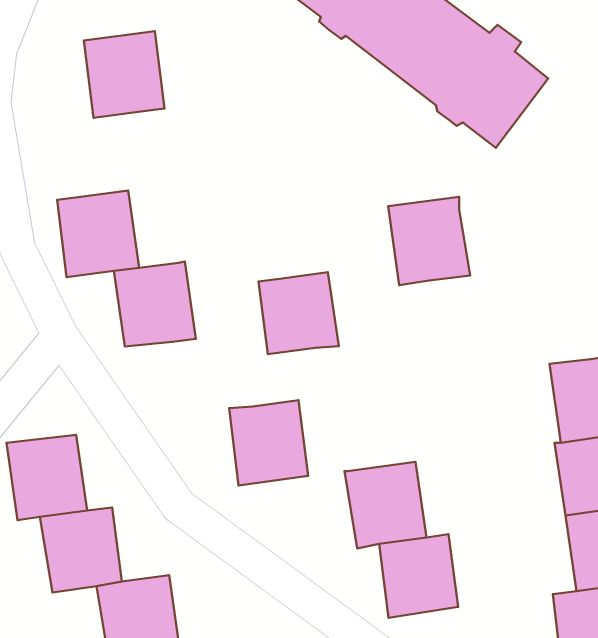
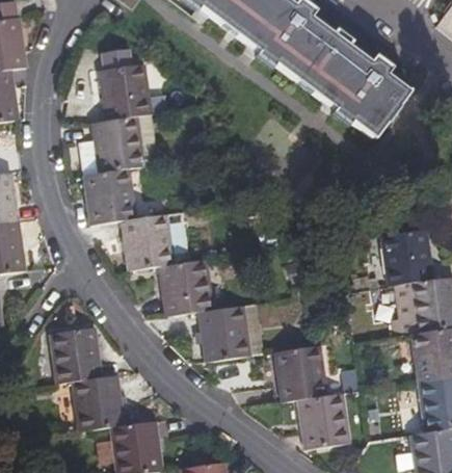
building: none -> [92,114,144,170]
building: [388,197,470,285] -> [380,226,434,284]
building: [258,272,339,354] -> [159,260,212,314]

